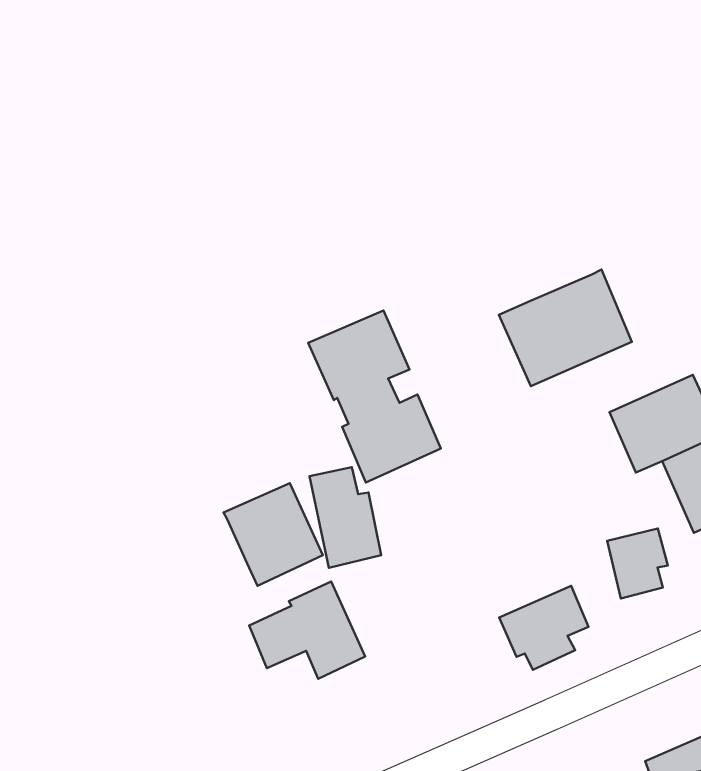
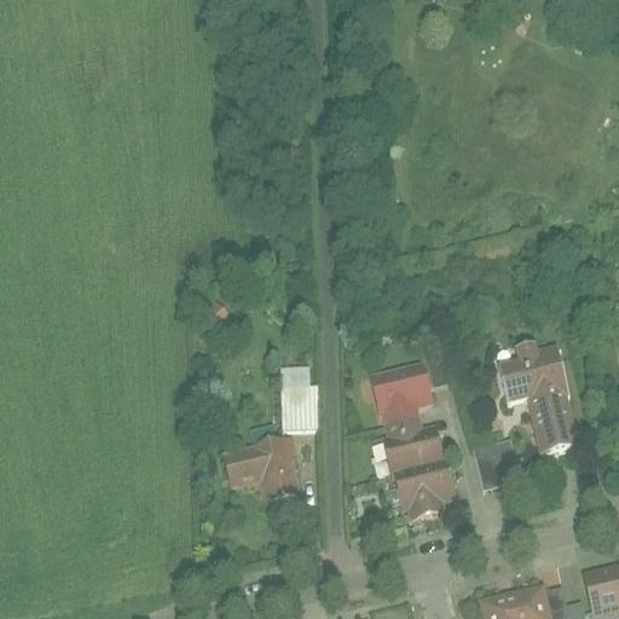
building: [499,270,632,386] -> none
building: [308,311,441,483] -> [368,364,446,480]
building: [224,483,323,586] -> none

